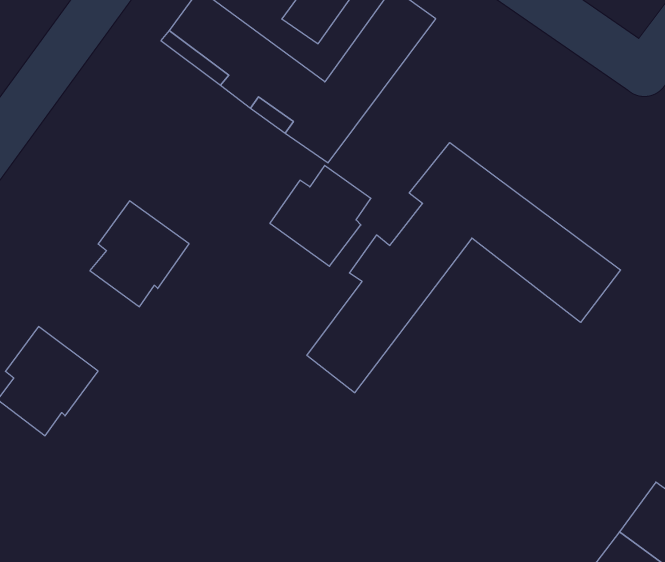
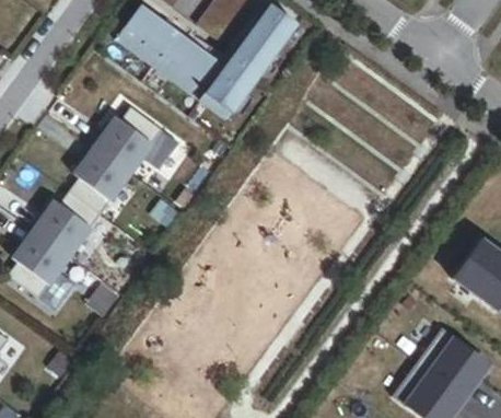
building: [307,143,621,393] -> none
building: [270,165,371,266] -> [95,106,162,173]
building: none -> [35,190,102,257]

